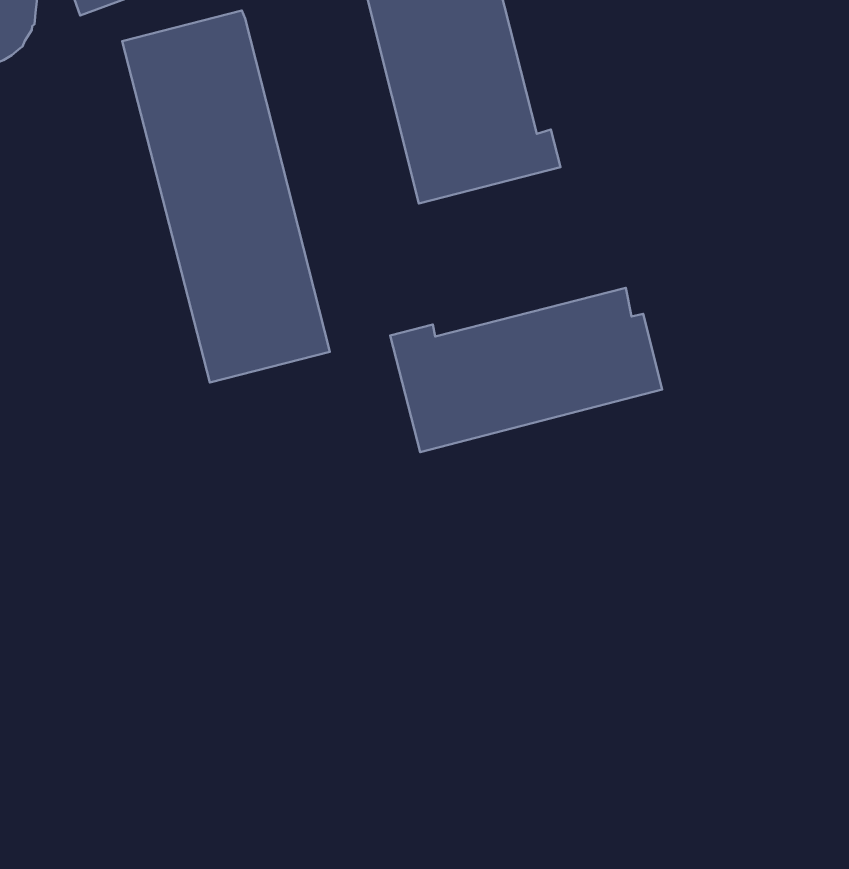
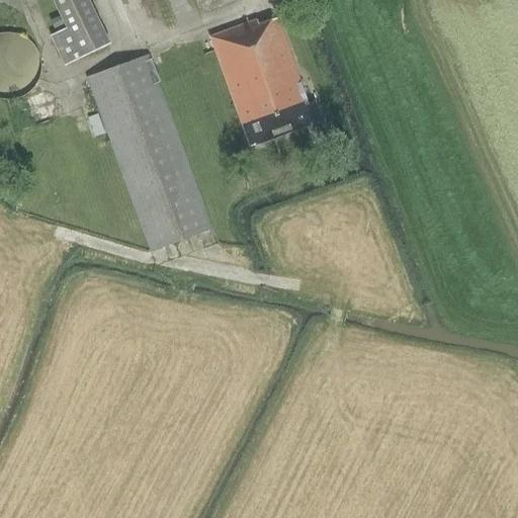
building: [390,288,662,452] -> none

